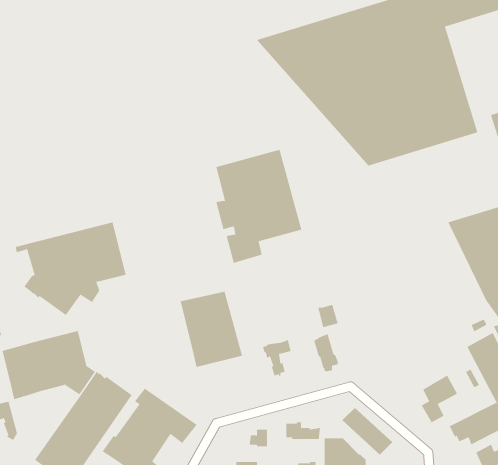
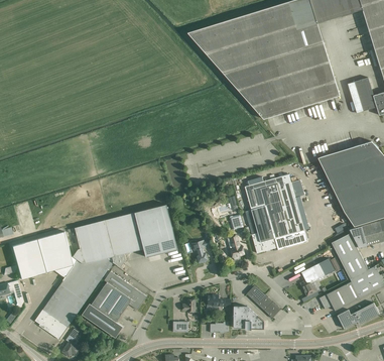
building: [215,149,302,264] -> [245,174,304,253]
building: [15,222,126,316] -> [68,212,144,276]

